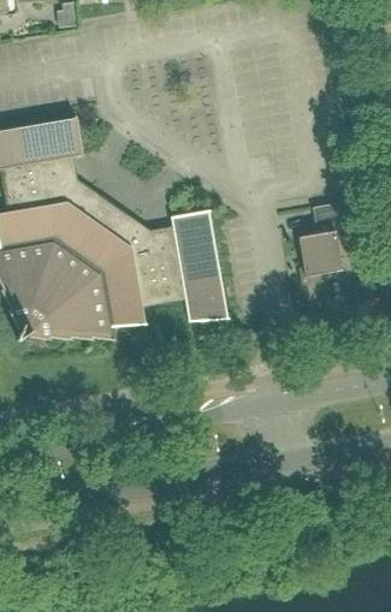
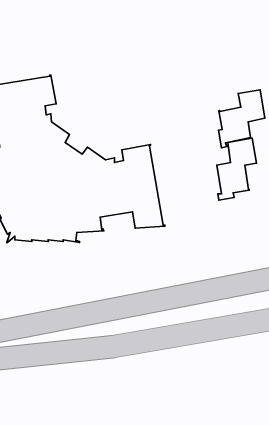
building: none -> [218,90,265,148]

